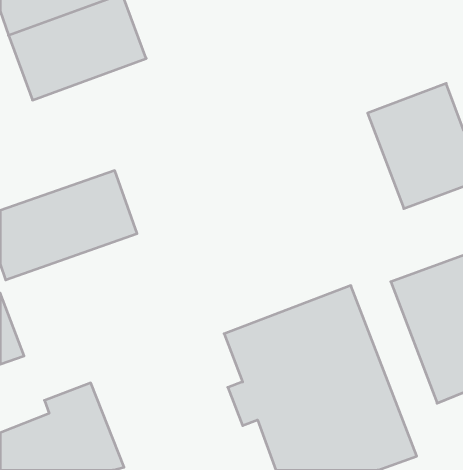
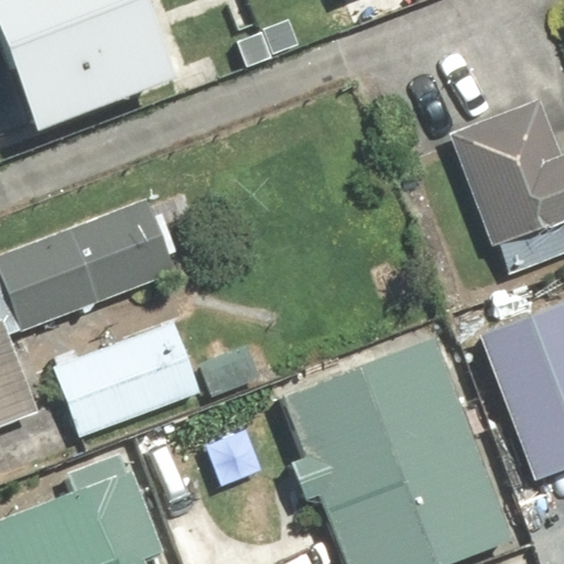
building: none -> [53,321,205,437]

